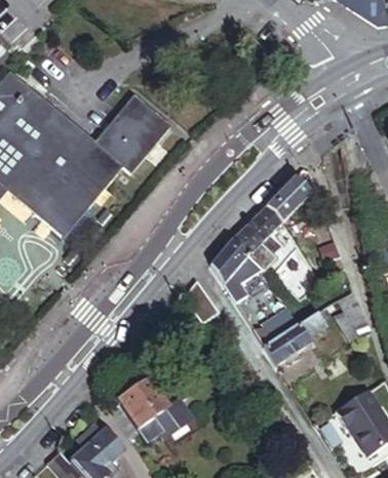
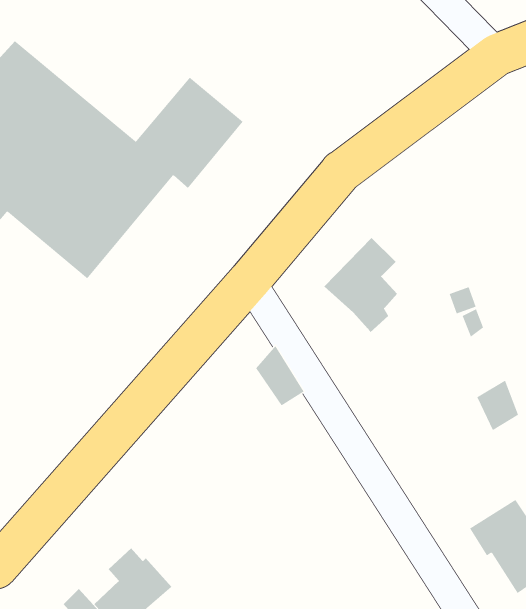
building: [267,174,312,220] -> none
building: [211,237,268,302] -> none
building: [254,308,328,364] -> none
building: [112,382,194,439] -> none

